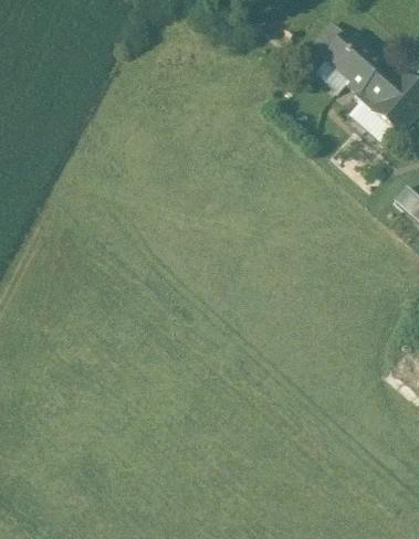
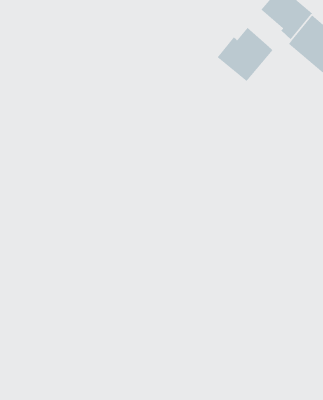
building: none -> [217,27,273,82]

